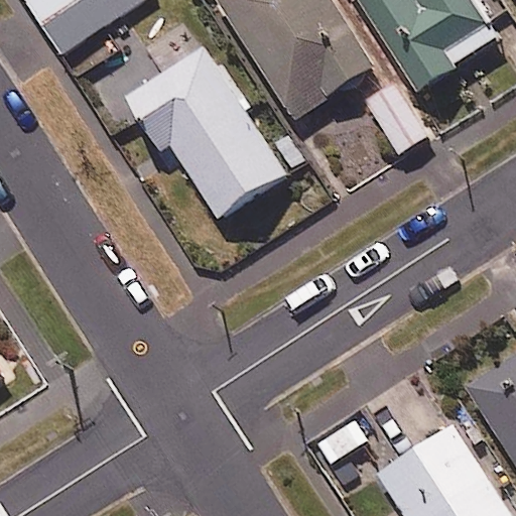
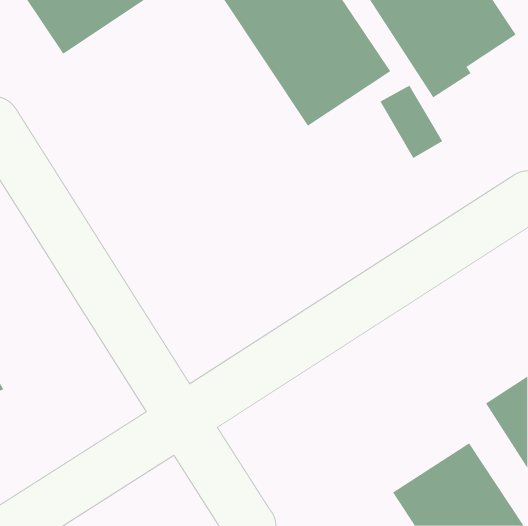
building: [125,11,309,224] -> none

